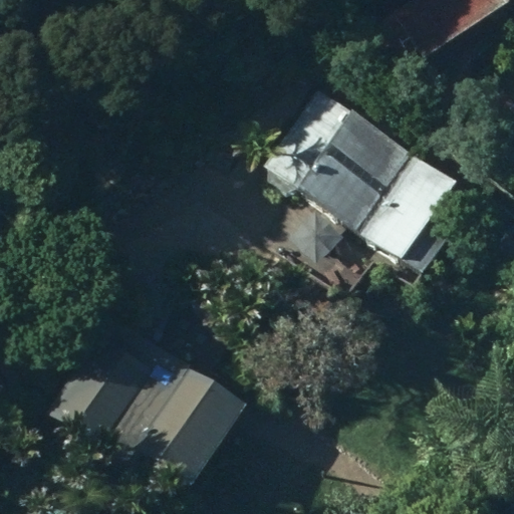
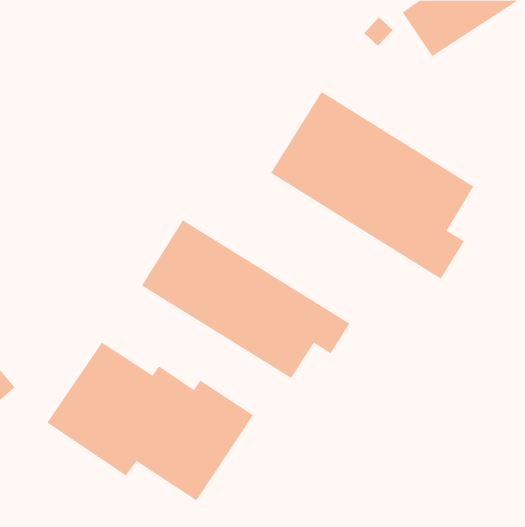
building: none -> [141,219,350,379]

